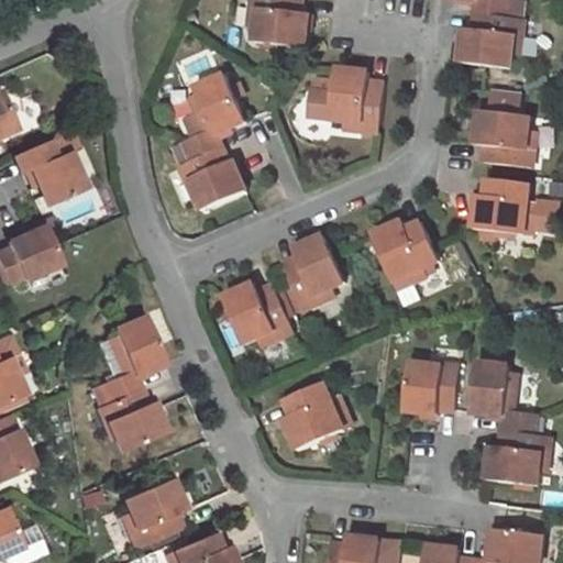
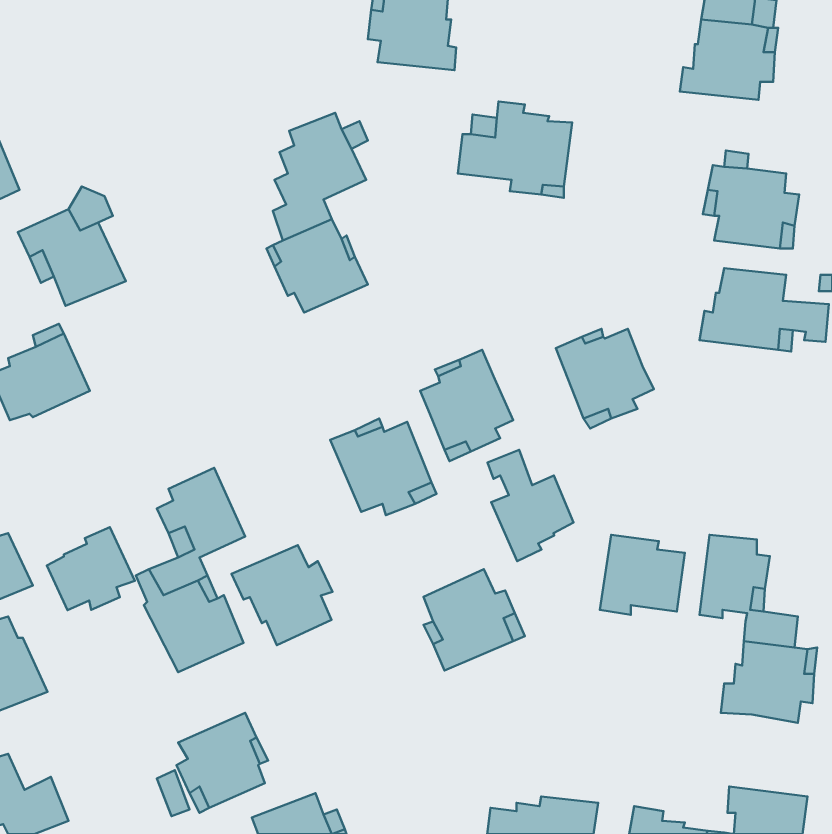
building: none -> [487,450,574,561]
building: none -> [47,527,135,610]
building: none -> [231,545,332,645]

